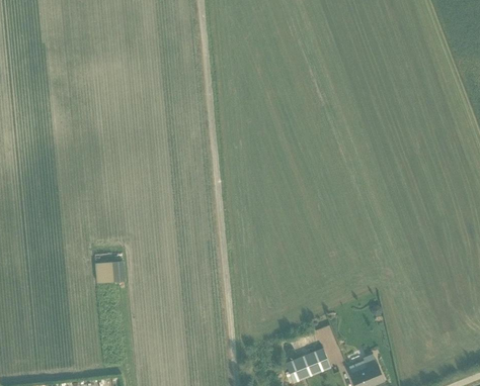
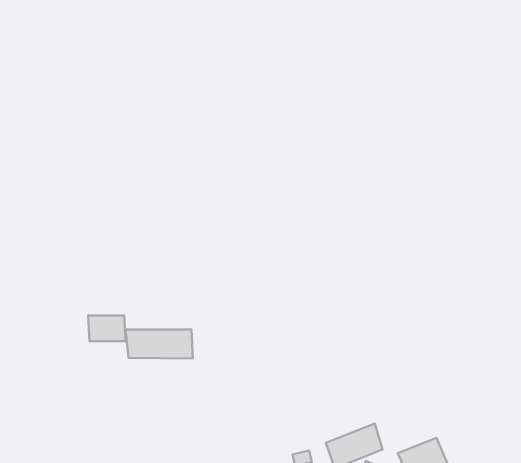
building: none -> [126,330,193,358]

